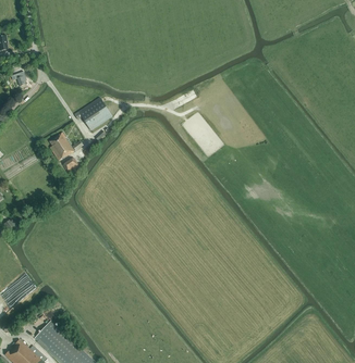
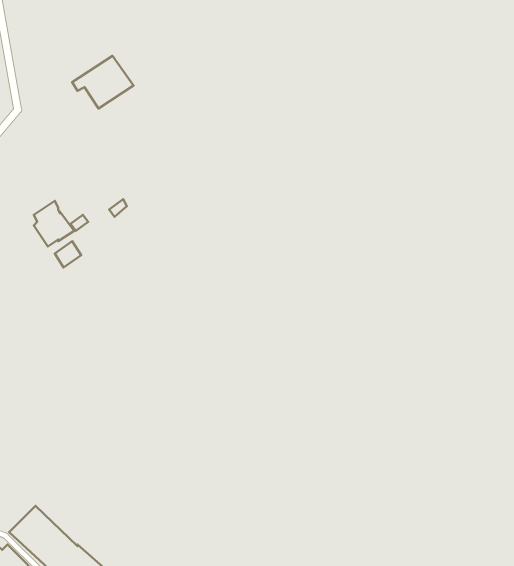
building: [74,98,112,130] -> [72,56,134,108]

